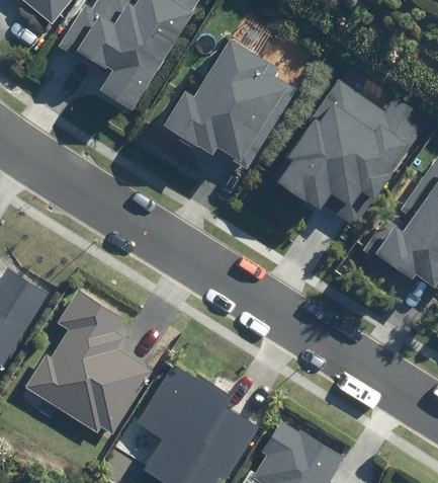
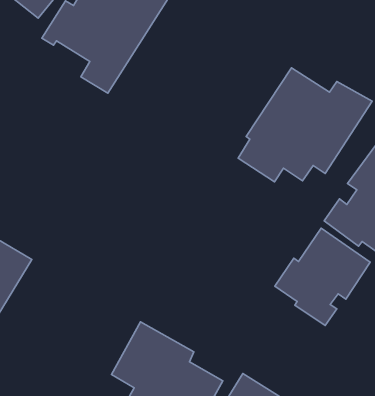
building: [162,39,295,167] -> none
building: none -> [275,228,370,326]
building: [25,290,151,434] -> none

